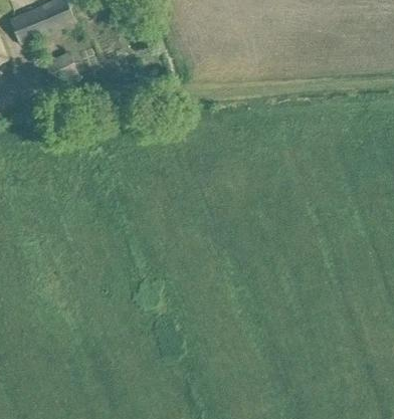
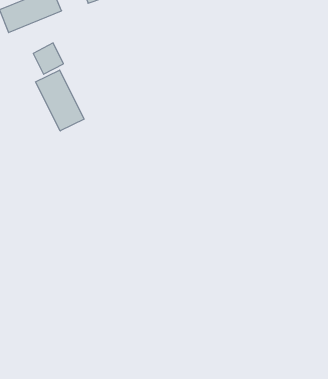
building: none -> [36,70,84,131]

